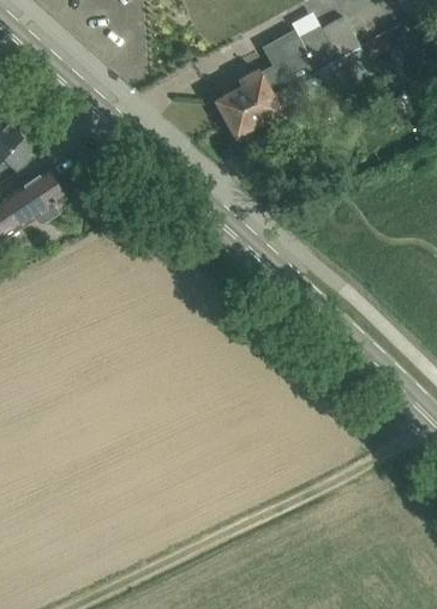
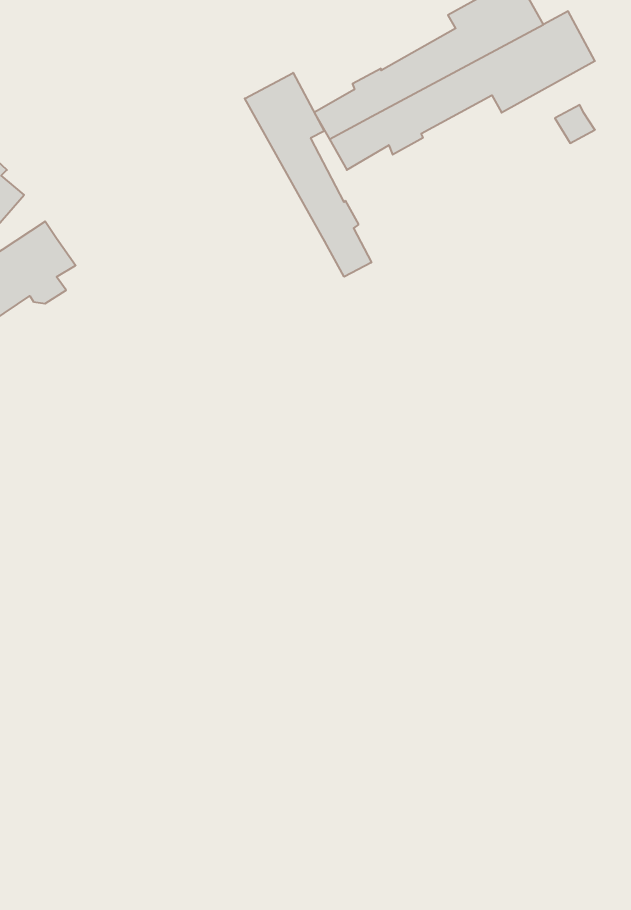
building: none -> [245,73,371,277]

